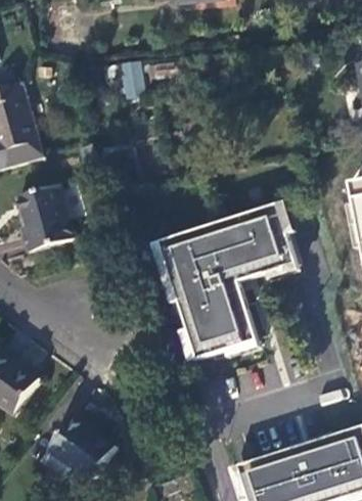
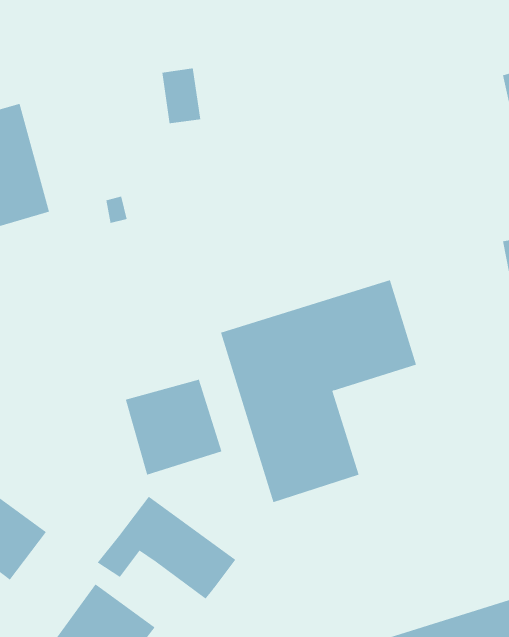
building: [16,184,72,251] -> none
building: none -> [125,379,222,475]
building: none -> [97,496,236,600]

